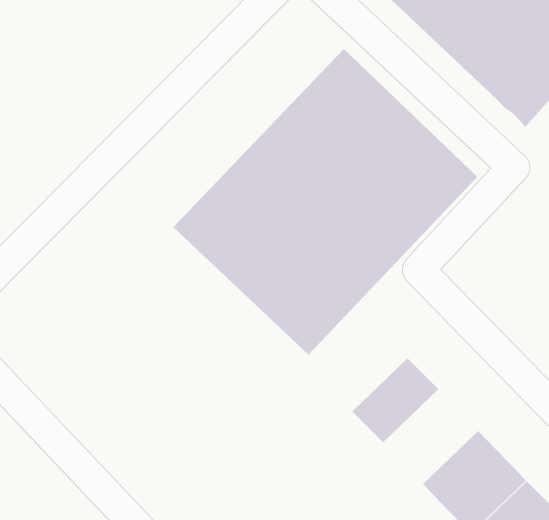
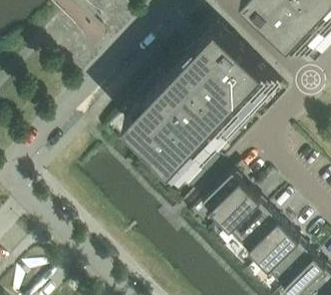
building: none -> [200,177,248,225]
building: none -> [235,213,286,264]

